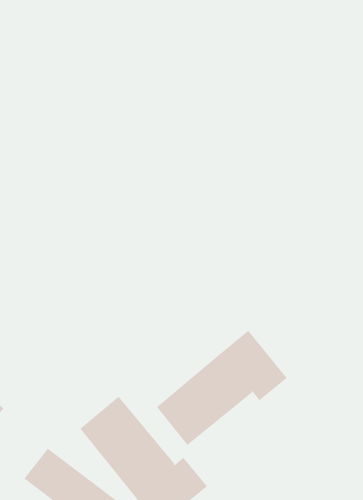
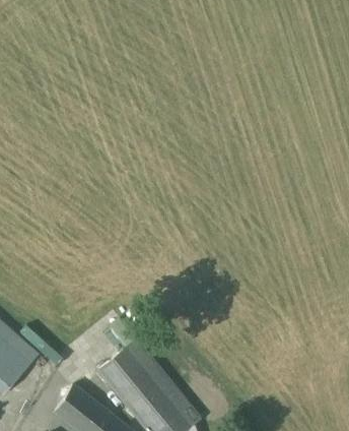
building: [156,330,288,446] -> none

